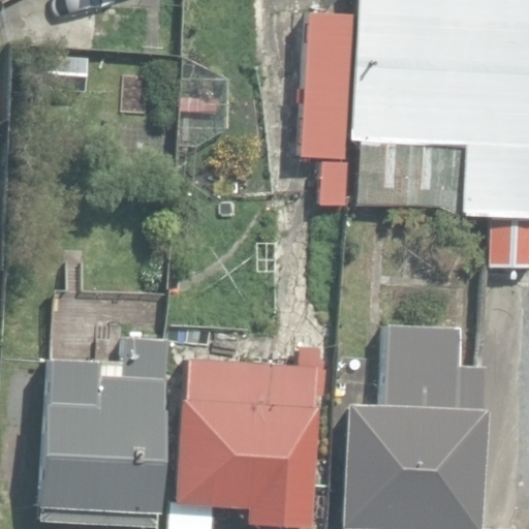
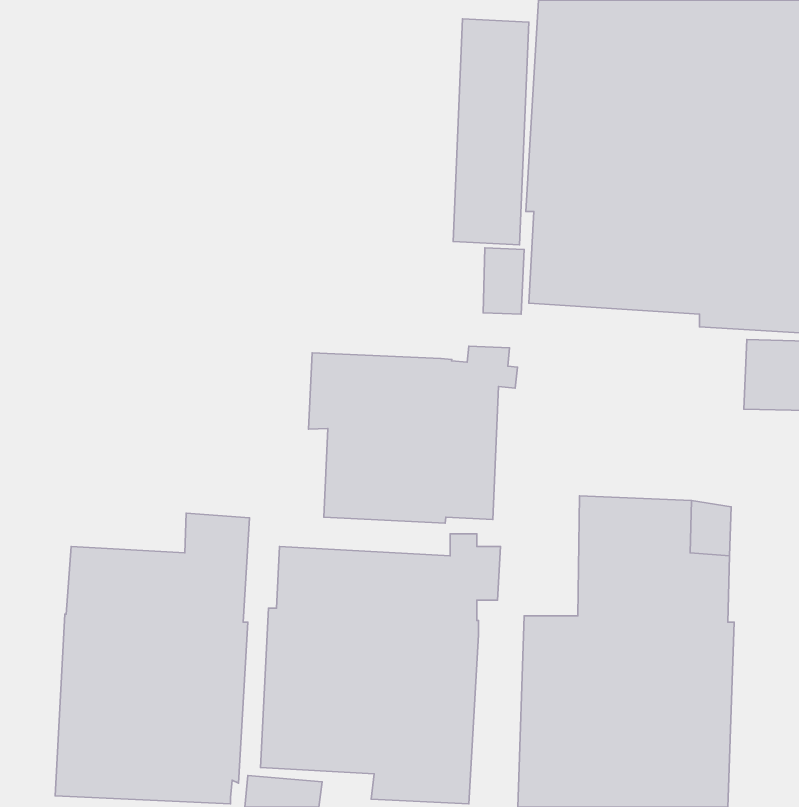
building: none -> [308,346,517,523]

